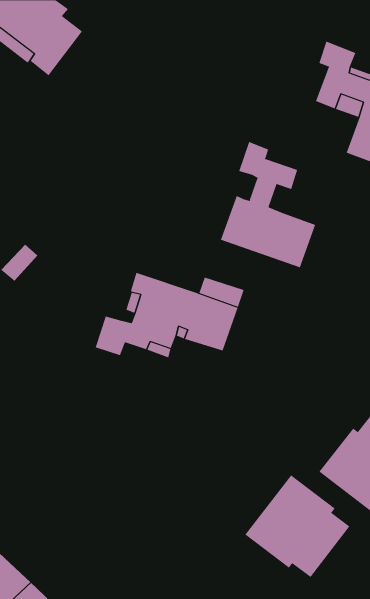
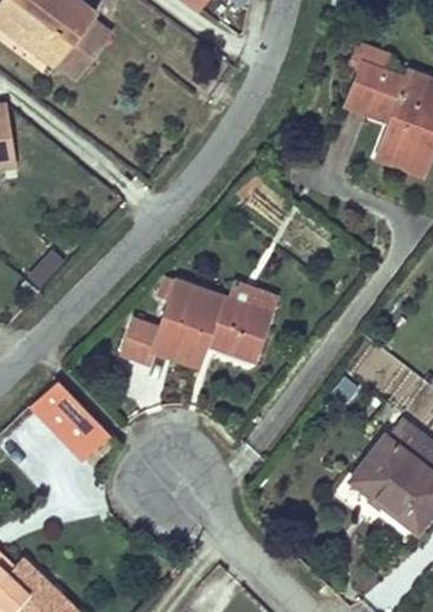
building: [220,141,316,268] -> none
building: none -> [31,380,110,460]
building: [245,475,350,578] -> none

